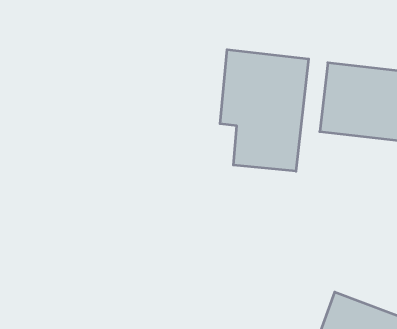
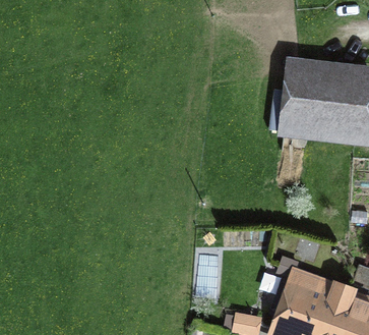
building: [220,50,309,171] -> none

